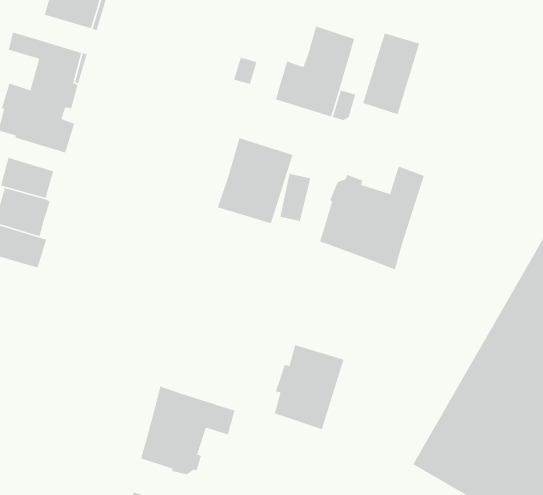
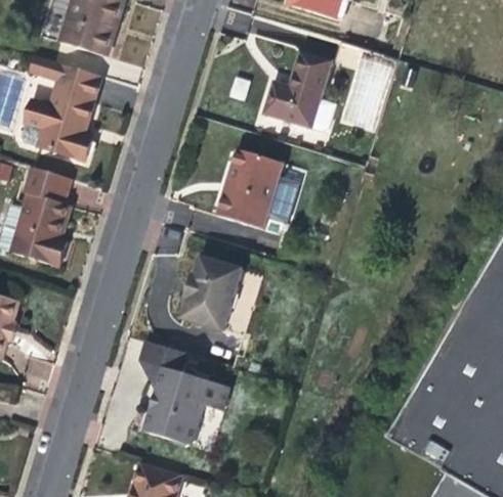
building: [319,166,425,270] -> none
building: [274,344,345,430] -> [183,257,246,332]
building: none -> [139,337,186,386]

